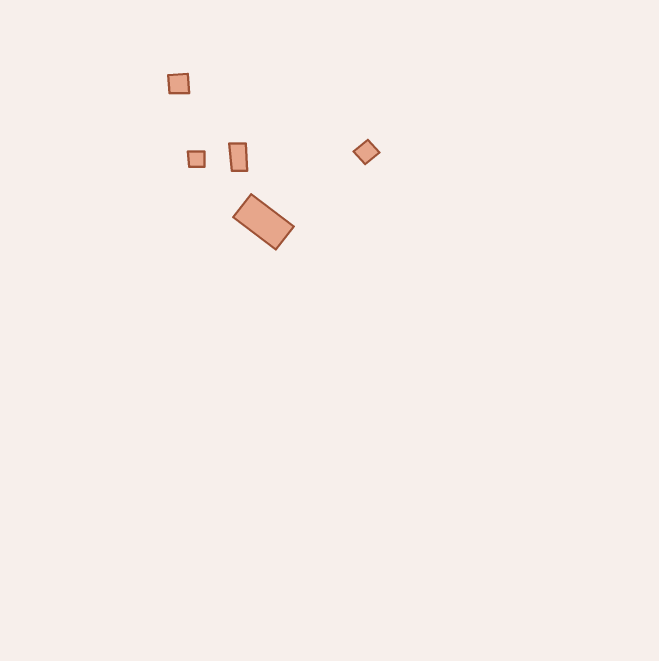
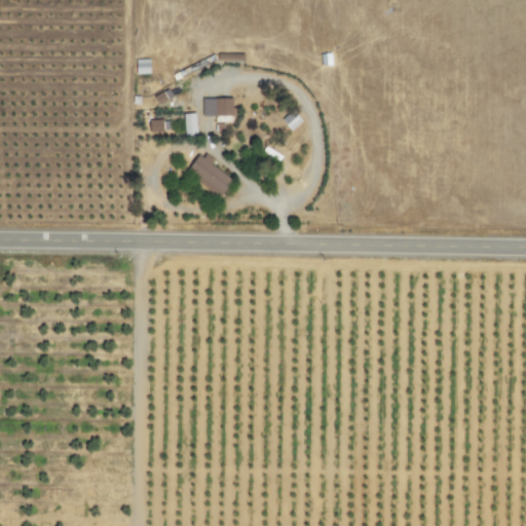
building: none -> [203,98,235,117]

